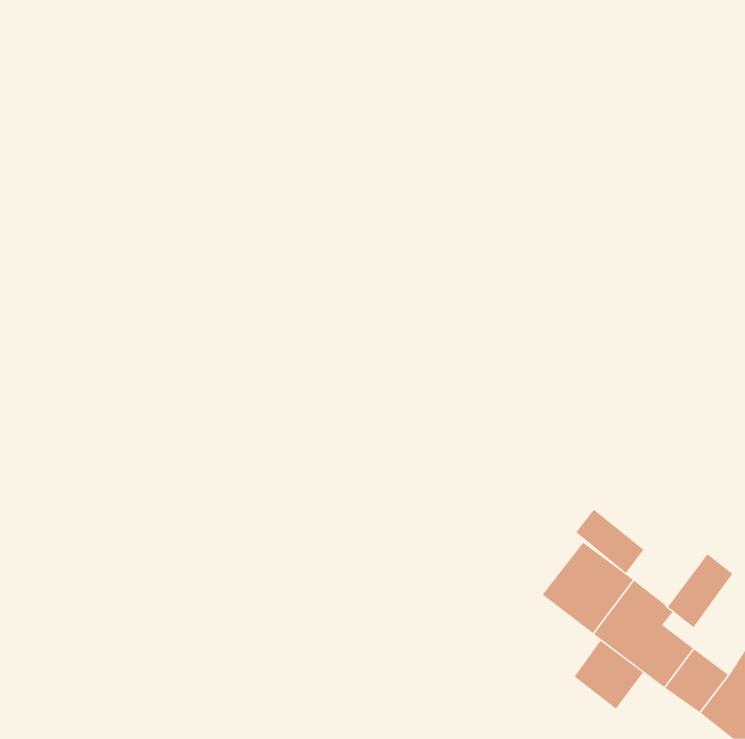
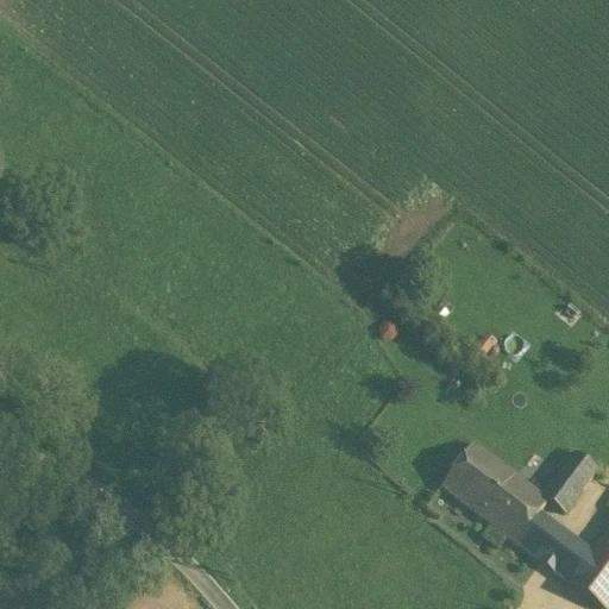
building: [576,509,645,574] -> none
building: [574,640,644,709] -> none

